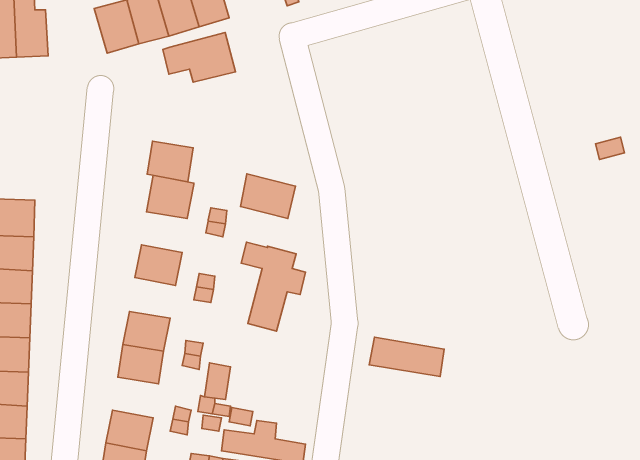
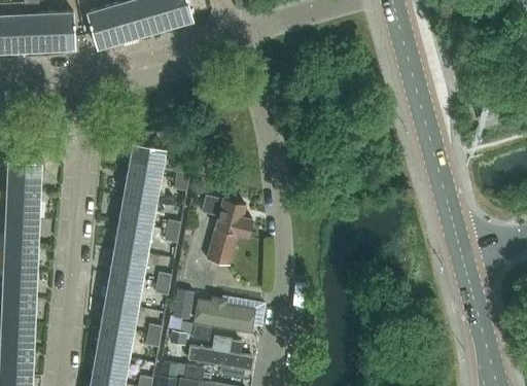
building: none -> [48,12,75,49]
building: [163,33,235,82] -> none
building: [147,141,193,182] -> [124,172,160,204]
building: [240,174,296,218] -> none
building: none -> [114,223,150,255]
building: [369,337,444,377] -> [195,297,253,328]
building: none -> [101,302,137,334]

